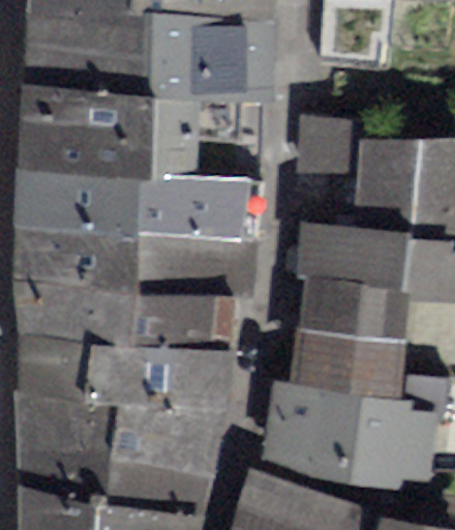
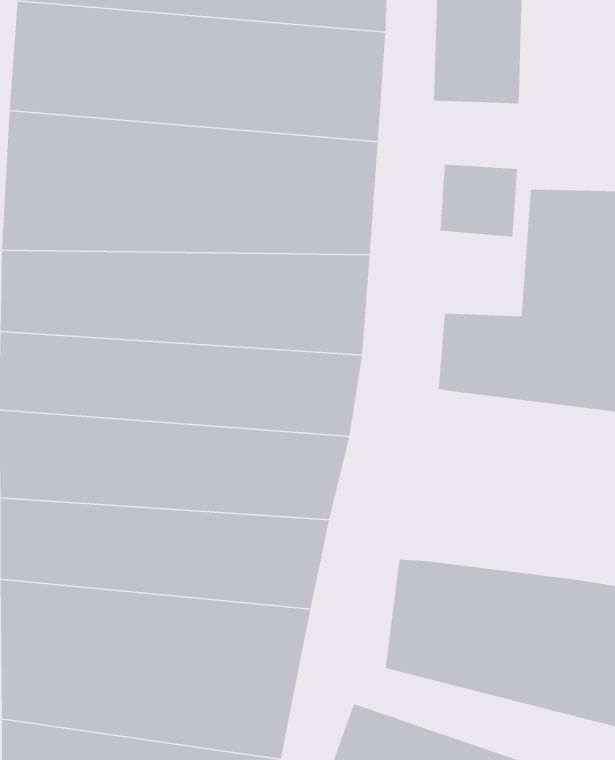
building: [296,271,407,395] -> none

